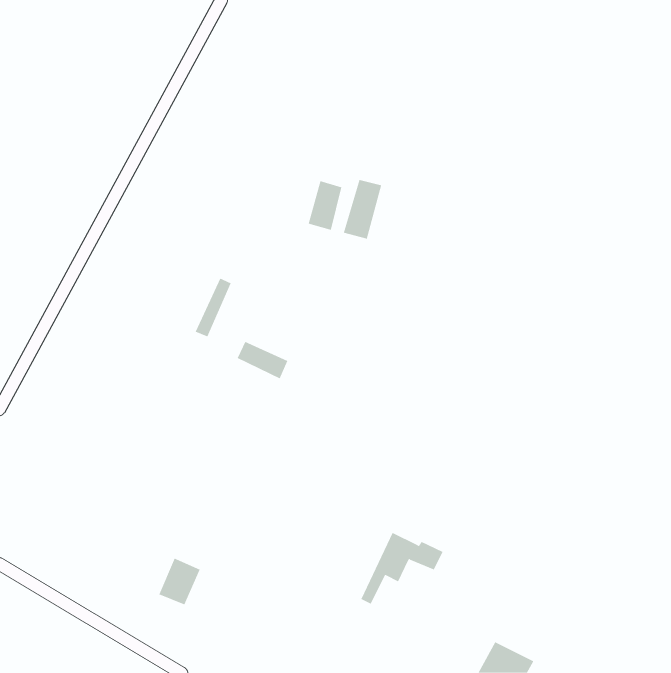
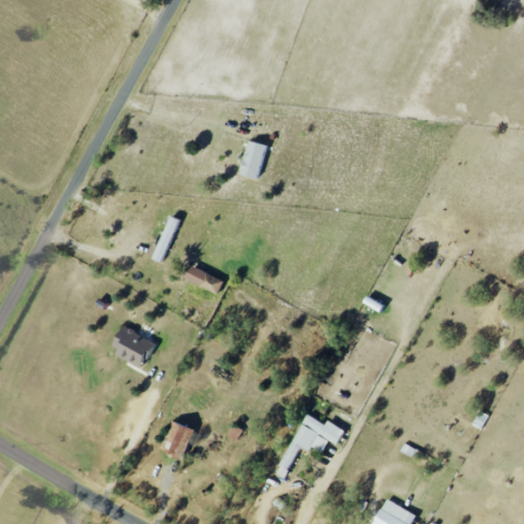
building: [343,179,382,240] -> none
building: none -> [111,326,152,367]
building: [158,558,201,605] -> [161,421,193,457]

